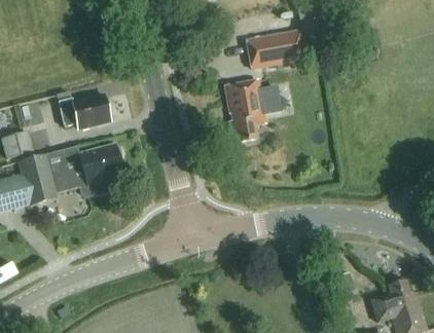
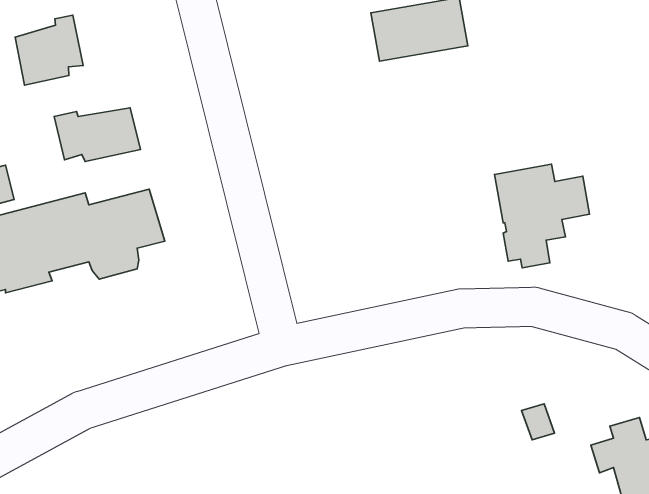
building: none -> [15,15,83,85]
building: [223,79,280,141] -> [494,164,590,268]

